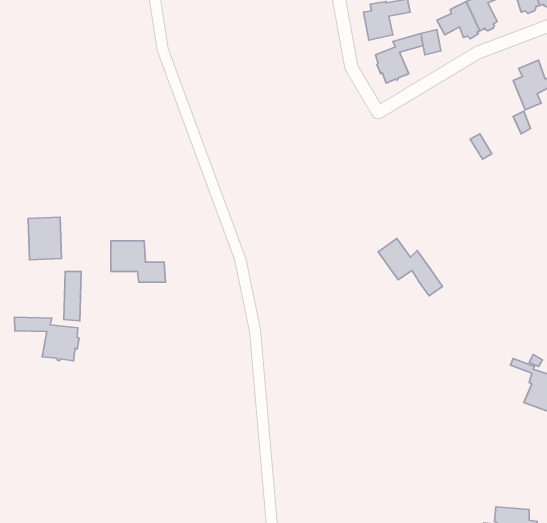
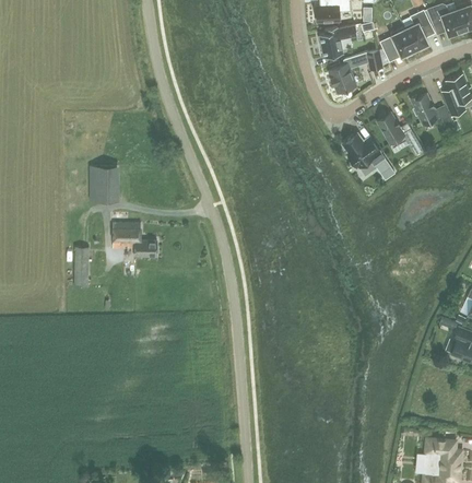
building: none -> [410,93,438,125]
building: none -> [376,111,404,144]
building: [28,217,61,260] -> [91,162,118,197]
building: [378,238,442,296] -> [342,133,394,180]
building: [14,317,79,361] -> none

